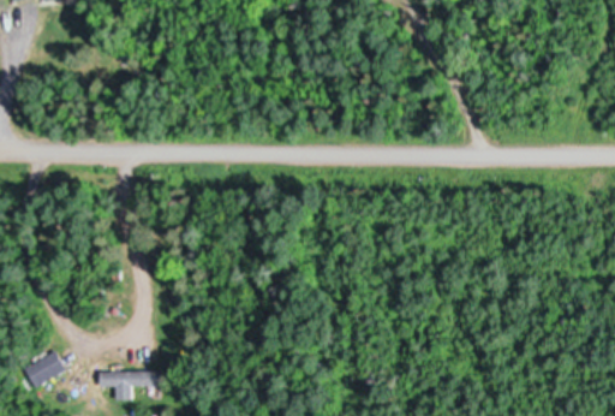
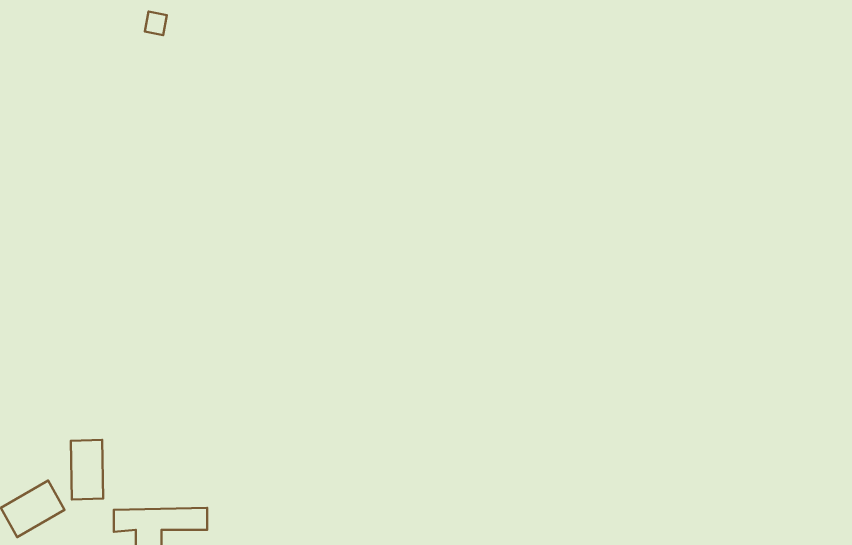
building: none -> [71,440,103,499]

